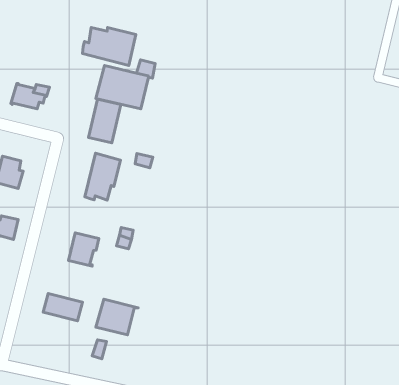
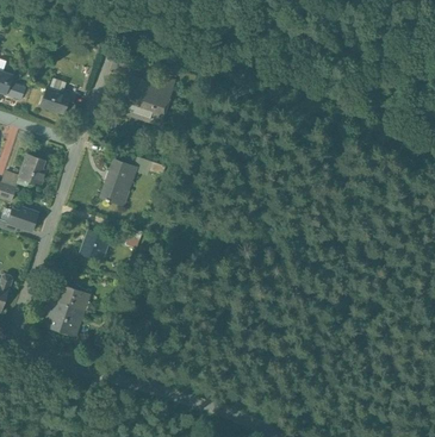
building: [82,27,136,65] -> none
building: [88,99,121,143] -> none
building: [96,299,138,335] -> [43,300,83,335]

